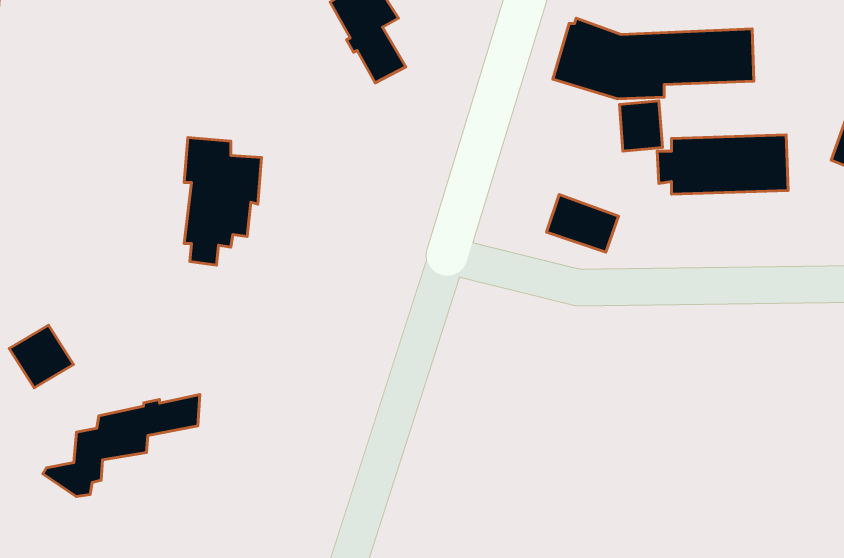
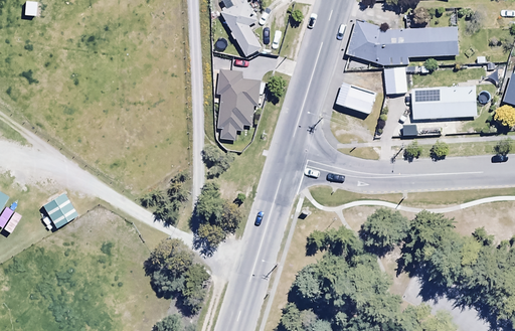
building: [184,138,261,265] -> [217,68,261,140]
building: [547,195,618,252] -> [336,81,376,114]
building: [43,395,200,497] -> none

